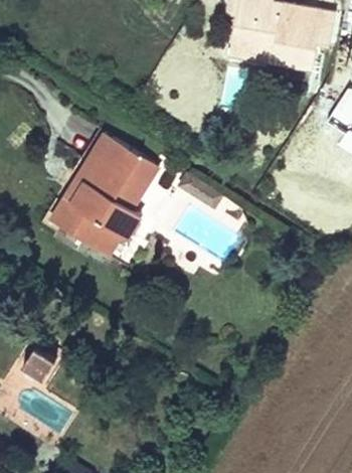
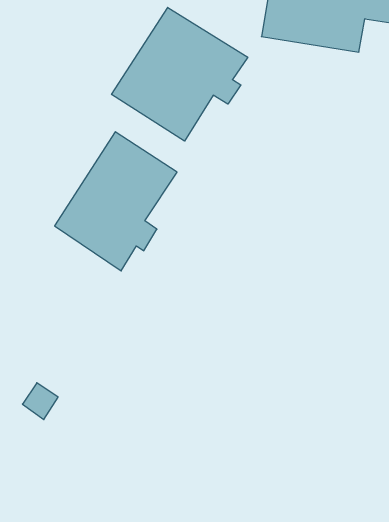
building: none -> [112,7,248,141]

